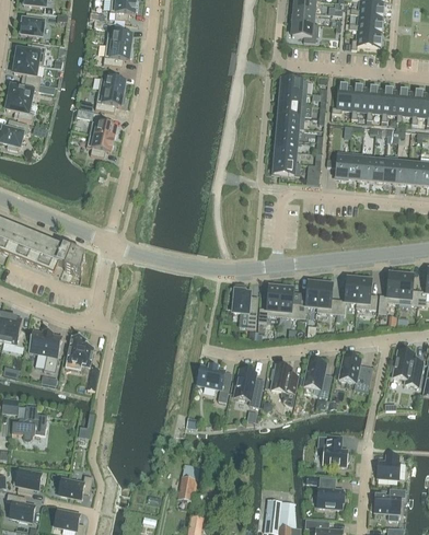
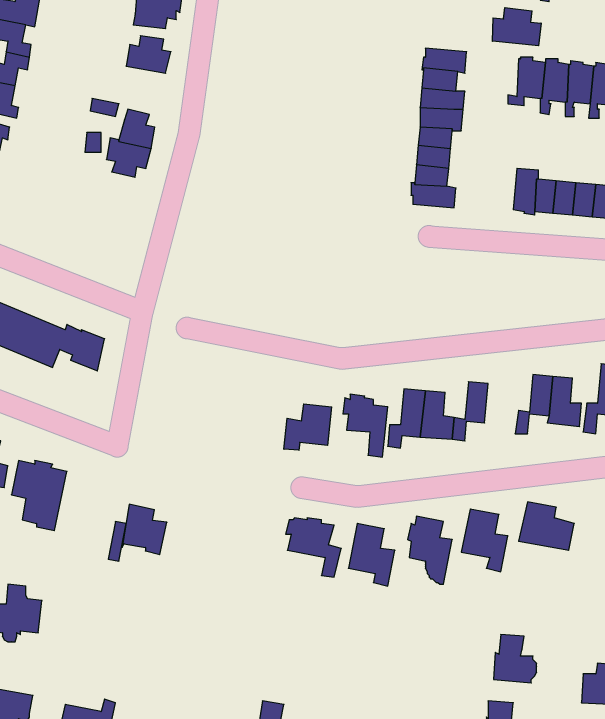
building: none -> [492,8,541,46]
building: [95,89,123,112] -> none
building: [317,282,338,313] -> none
building: none -> [284,404,332,450]
building: [67,335,94,365] -> [122,504,167,555]

